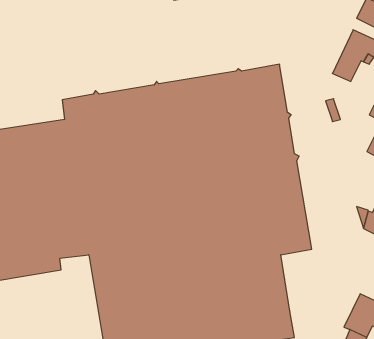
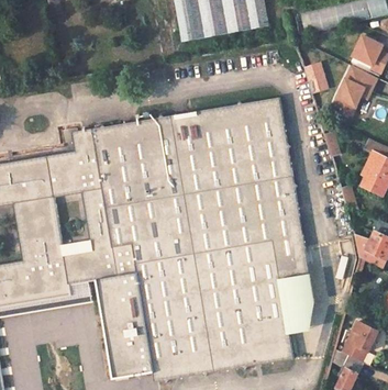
building: none -> [301,58,329,89]
building: none -> [280,277,314,336]

